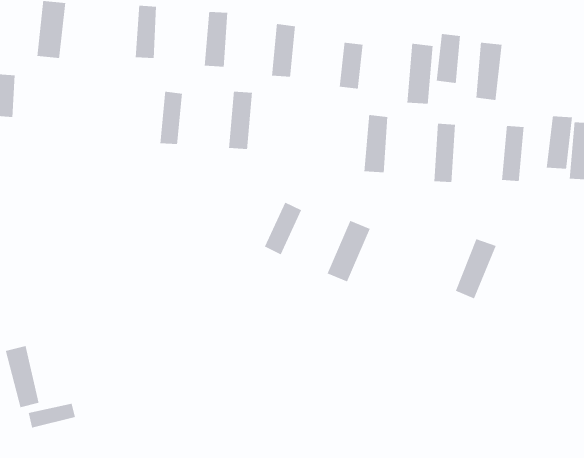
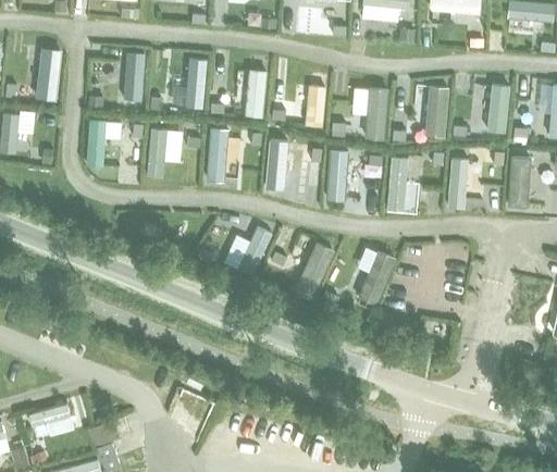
building: [436,33,461,84] -> none
building: none -> [85,121,106,169]
building: none -> [264,140,286,191]
building: [546,115,573,170] -> [485,86,509,134]
building: [455,238,497,300] -> [358,251,395,306]
building: [5,345,40,408] -> none

